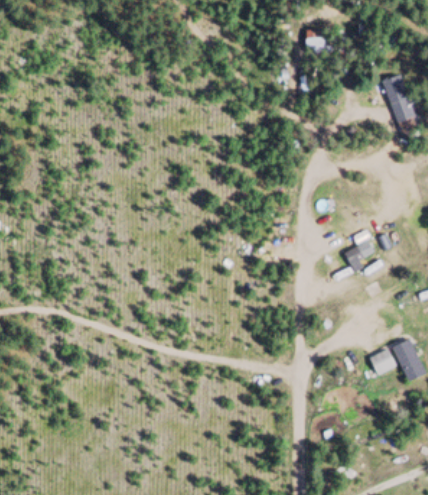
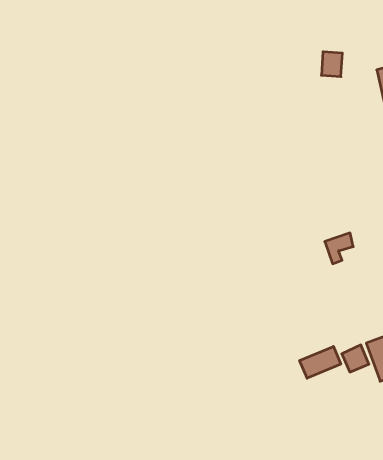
building: [307,30,326,53] -> [321,52,342,77]
building: none -> [300,346,341,378]

